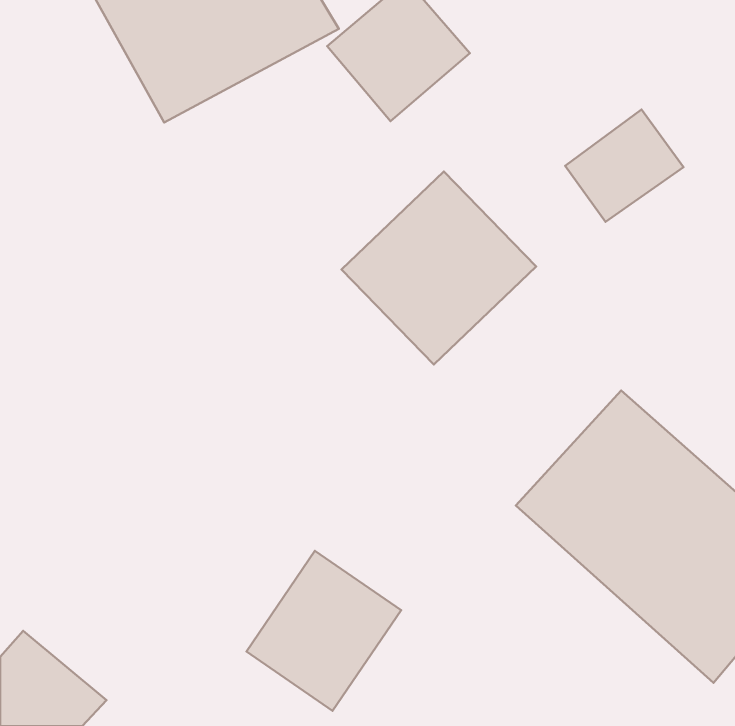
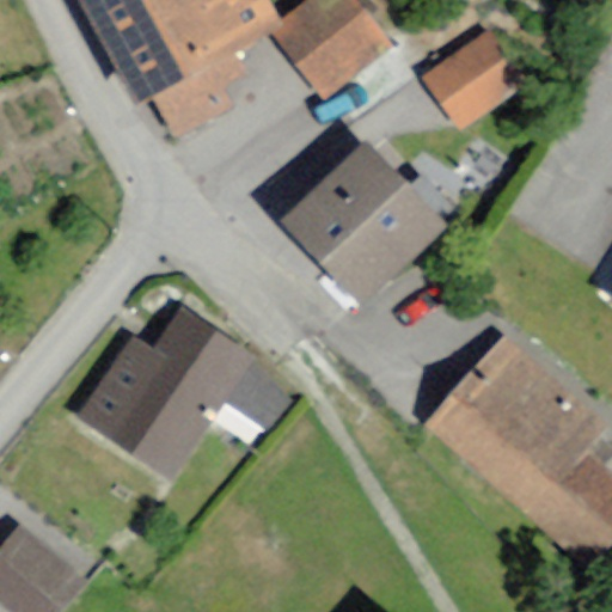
building: [565,110,683,222] -> [427,37,525,130]
building: none -> [69,310,251,479]
building: [246,551,401,711] -> none

